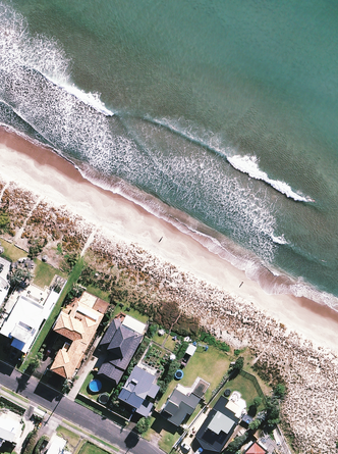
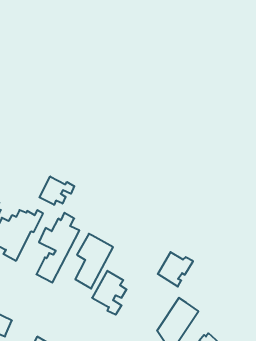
building: none -> [39,176,74,205]
building: [159,389,202,431] -> [158,252,193,287]

